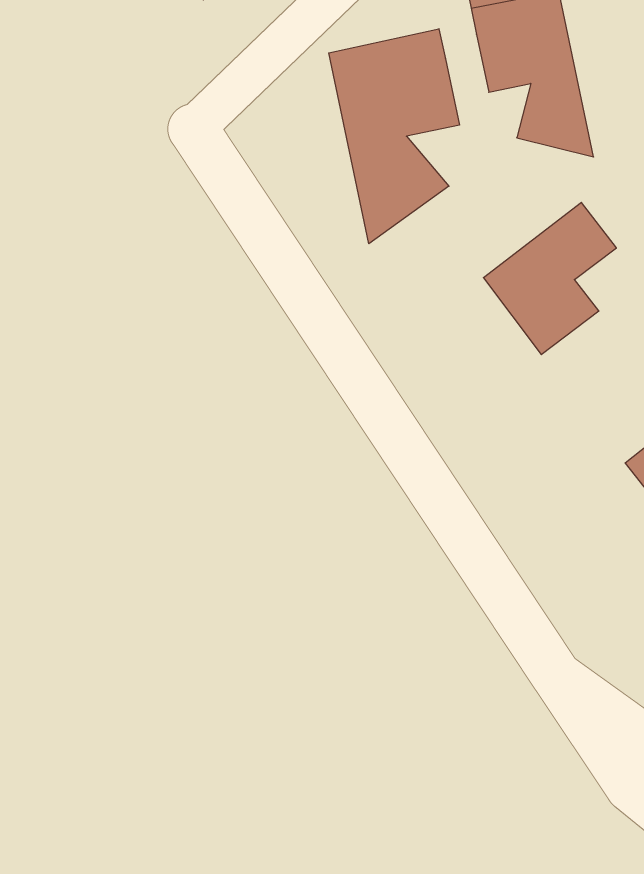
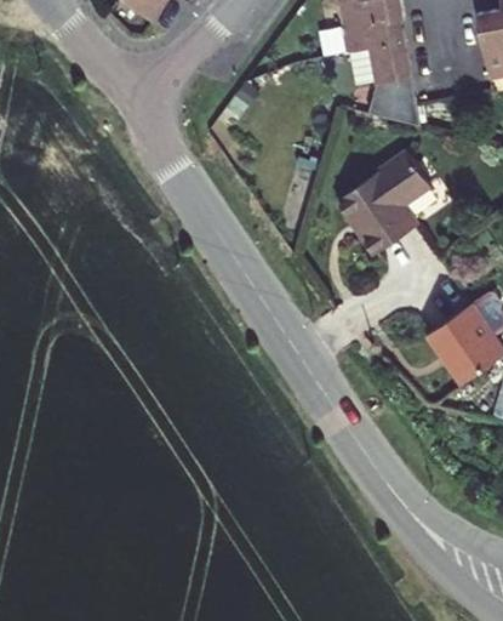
building: [329,29,459,244] -> none

